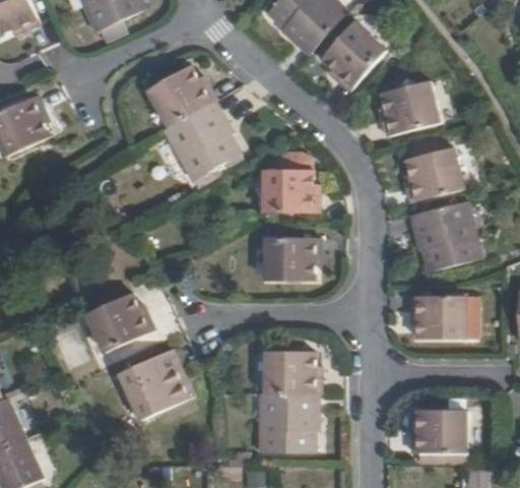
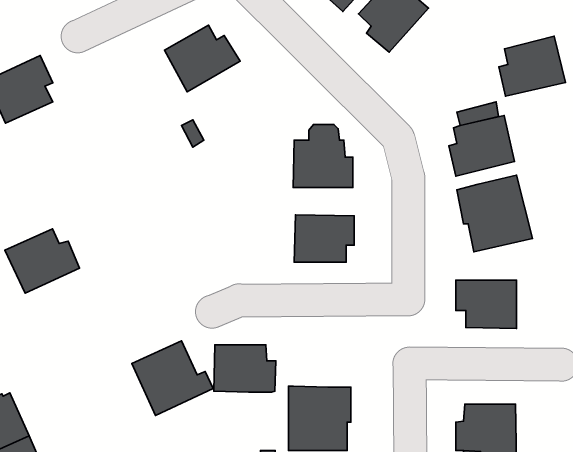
building: [380,81,440,135] -> [499,36,565,96]
building: [165,100,240,179] -> none
building: [85,292,152,350] -> [5,229,79,293]
building: [264,350,320,392] -> [214,345,276,392]

